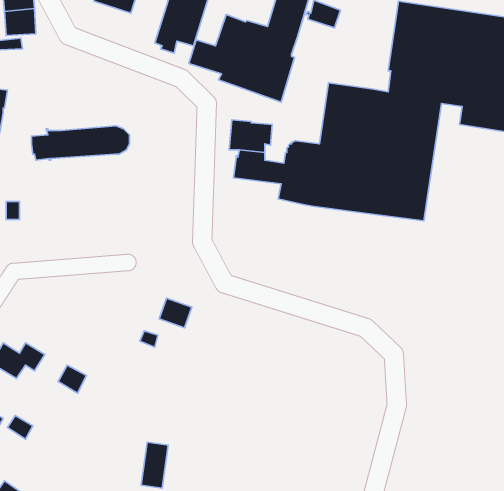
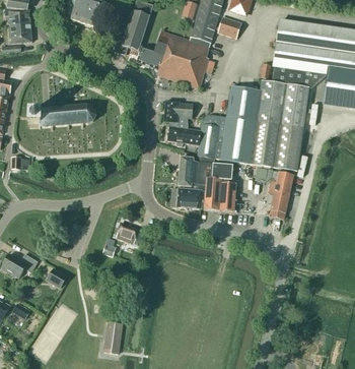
building: none -> [176,156,236,211]
building: none -> [269,171,294,219]

